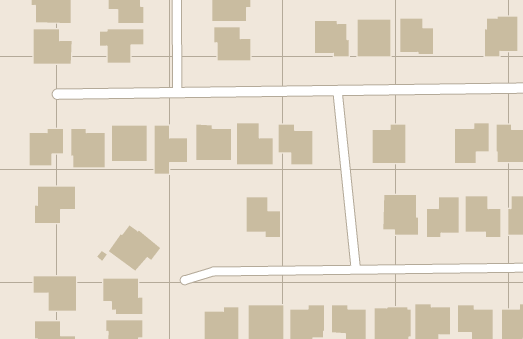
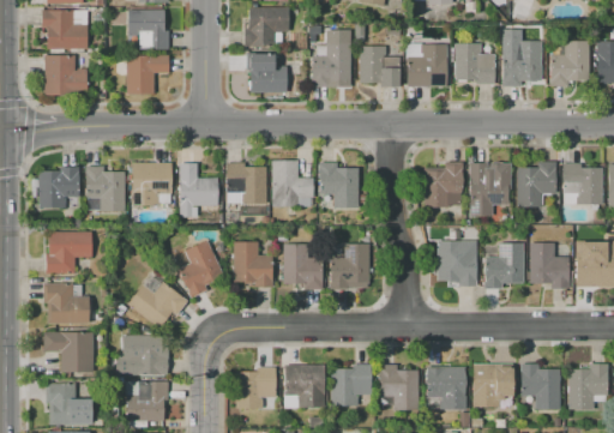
building: none -> [313,30,353,88]
building: none -> [502,41,542,86]
building: none -> [469,162,511,216]
building: none -> [177,239,227,297]
building: none -> [234,242,273,287]
building: none -> [330,243,369,290]
building: none -> [44,283,90,324]

